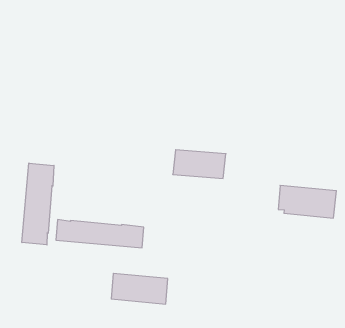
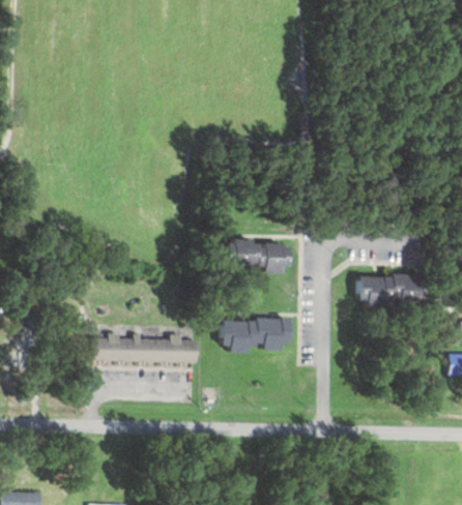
building: [22,163,54,245] -> none
building: [111,273,168,304] -> [222,318,288,350]

